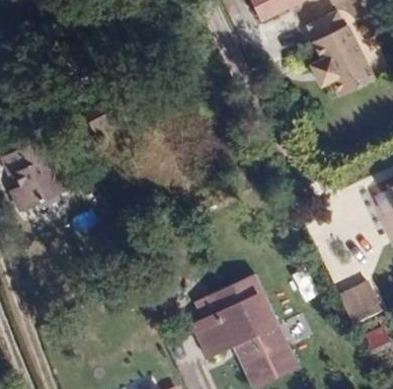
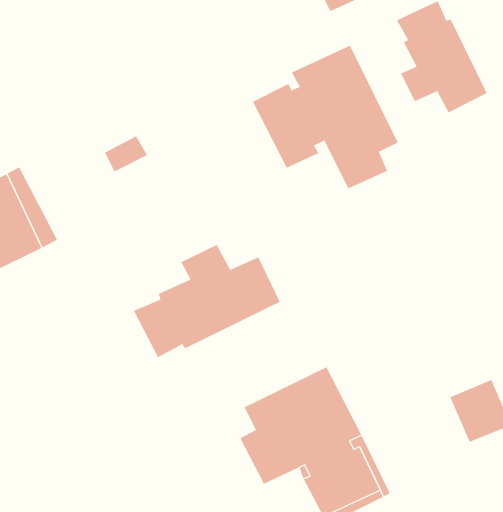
building: none -> [252,45,398,189]
building: none -> [133,244,281,358]

